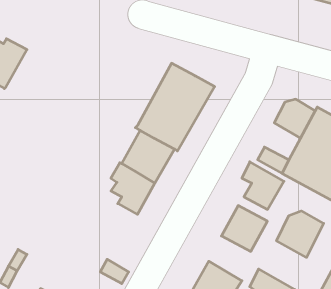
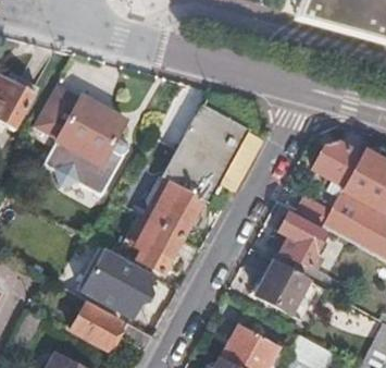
building: none -> [33,82,127,194]
building: none -> [84,248,155,317]
building: [277,211,324,257] -> none
building: none -> [72,303,123,348]

